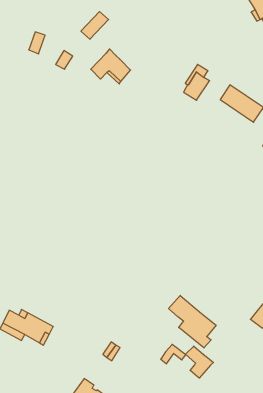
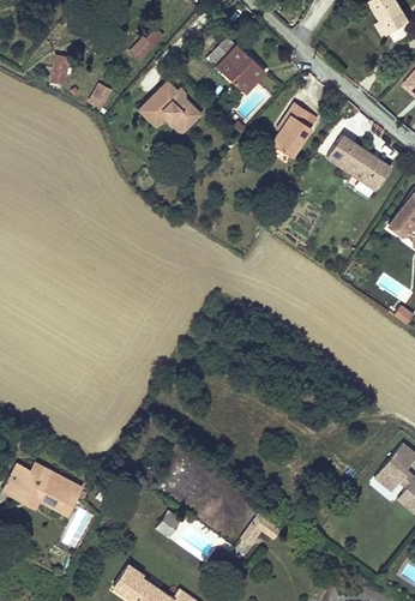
building: none -> [211,40,266,94]
building: [169,295,216,348] -> none
building: [186,346,213,378] -> none

